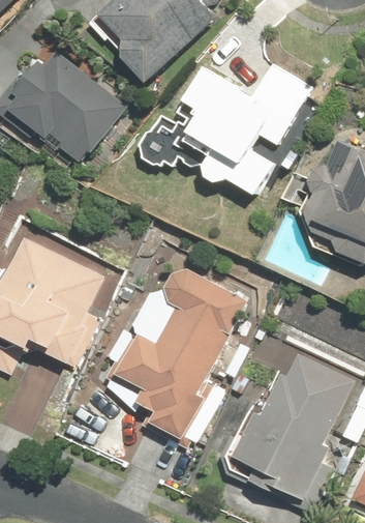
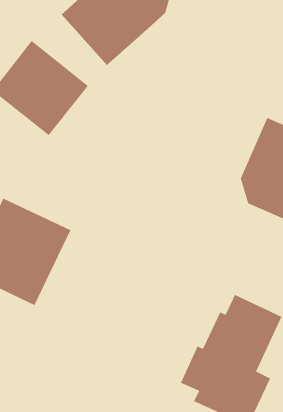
building: [159,62,313,196] -> none
building: [115,262,246,439] -> none

